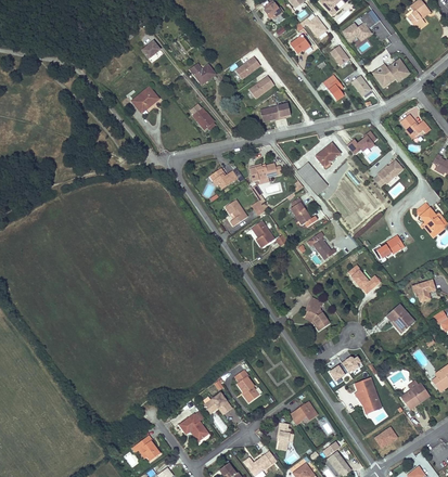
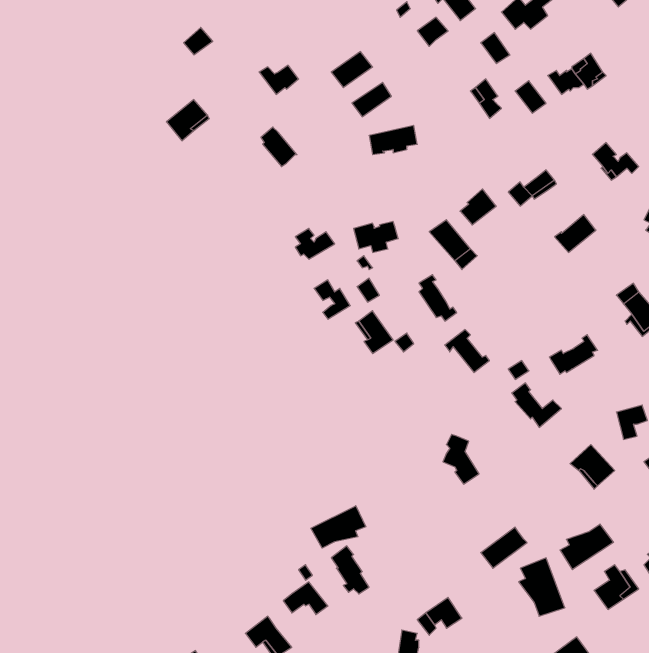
building: none -> [311,506,366,548]
building: none -> [560,524,613,570]

